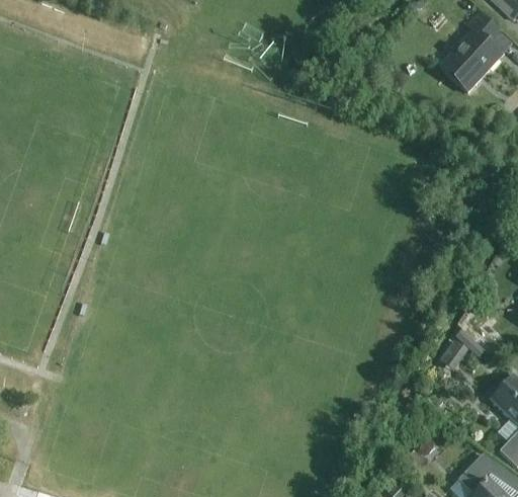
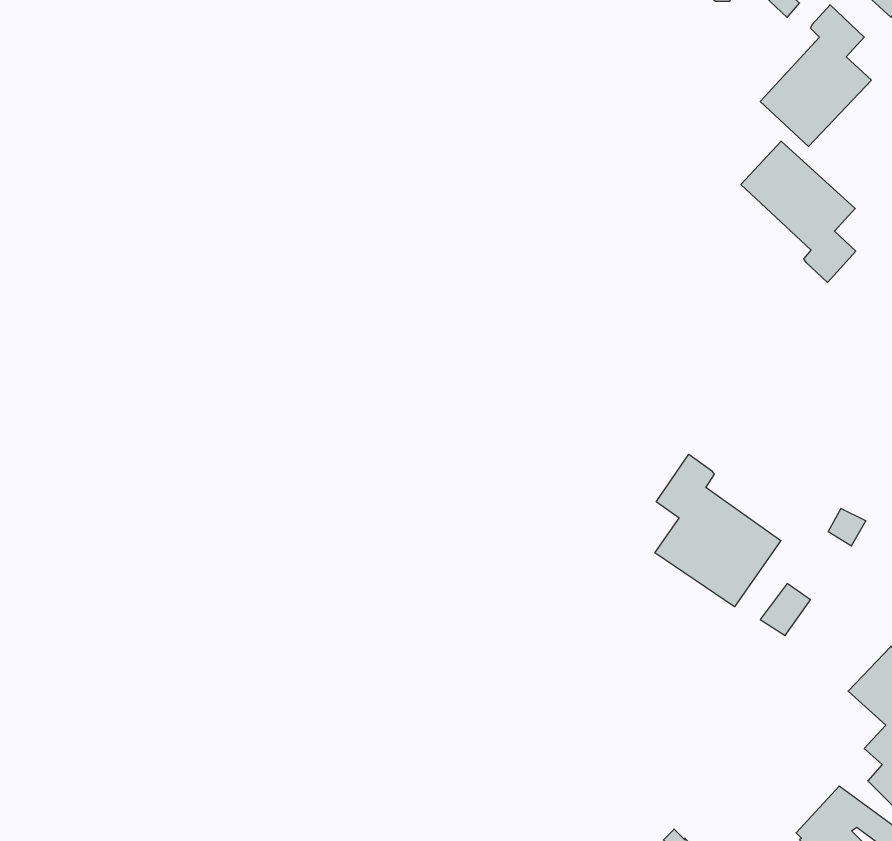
building: none -> [741,141,856,282]
building: none -> [655,454,781,607]

